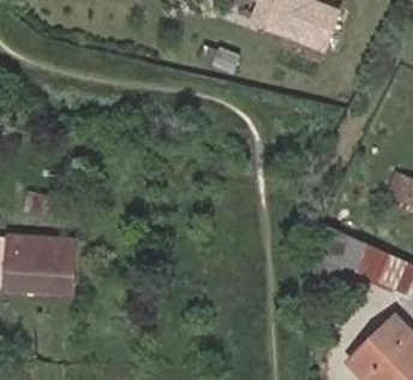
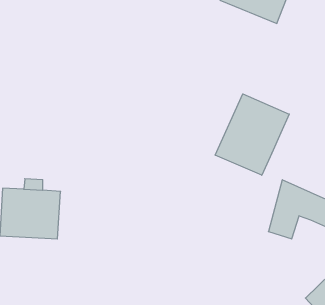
building: none -> [215,94,289,175]

